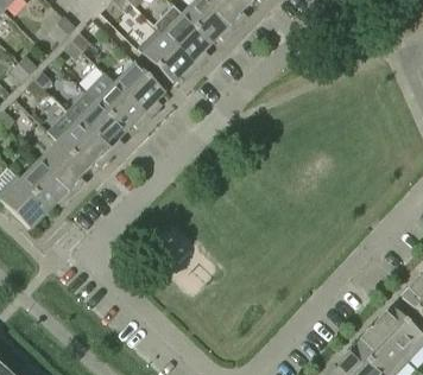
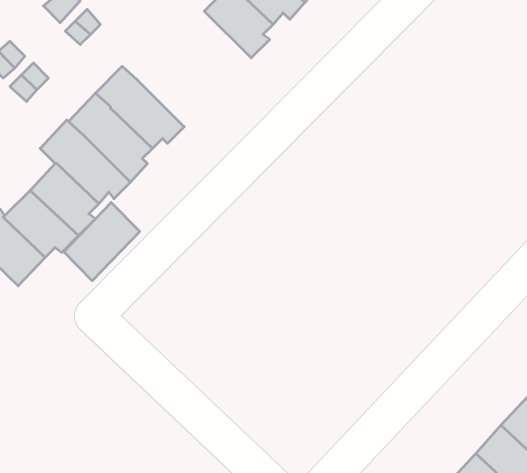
building: [137,33,196,82] -> none
building: [115,62,165,115] -> none
building: none -> [64,202,140,281]

